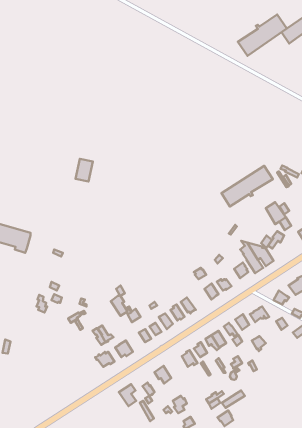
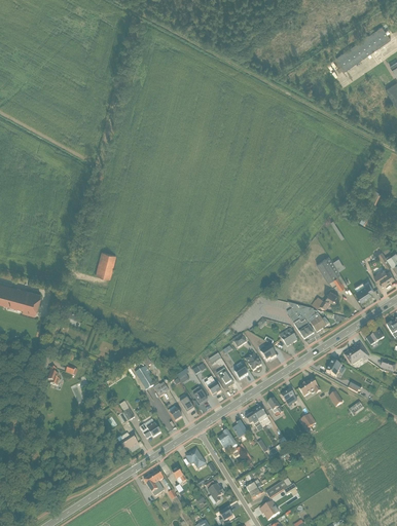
building: [238,15,287,56] -> none
building: [75,159,93,182] -> [96,251,116,277]
building: [222,166,273,206] -> none

